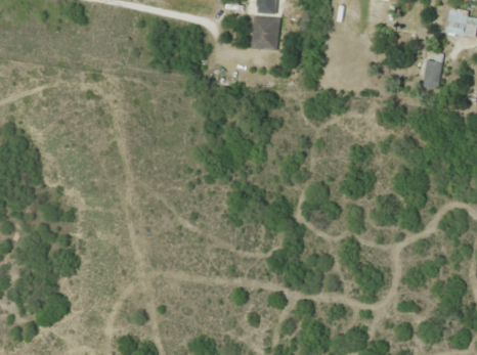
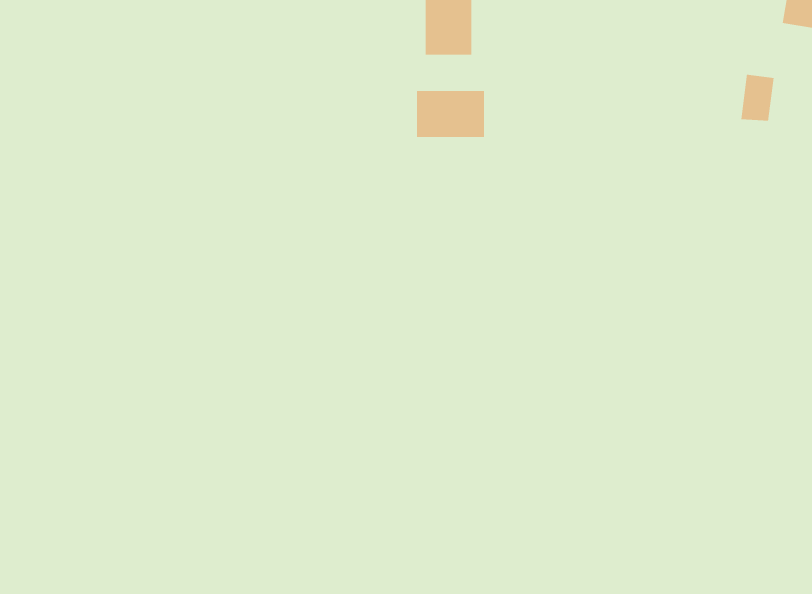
building: none -> [416,90,484,138]

